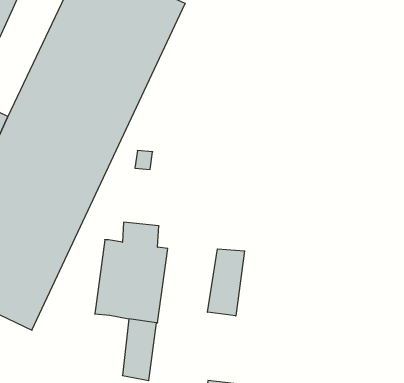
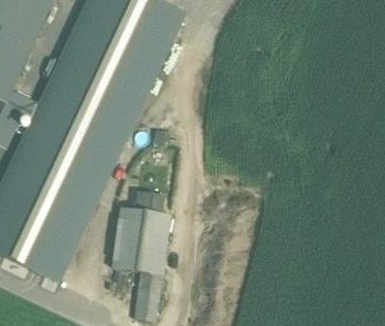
building: [208,249,245,316] -> none

